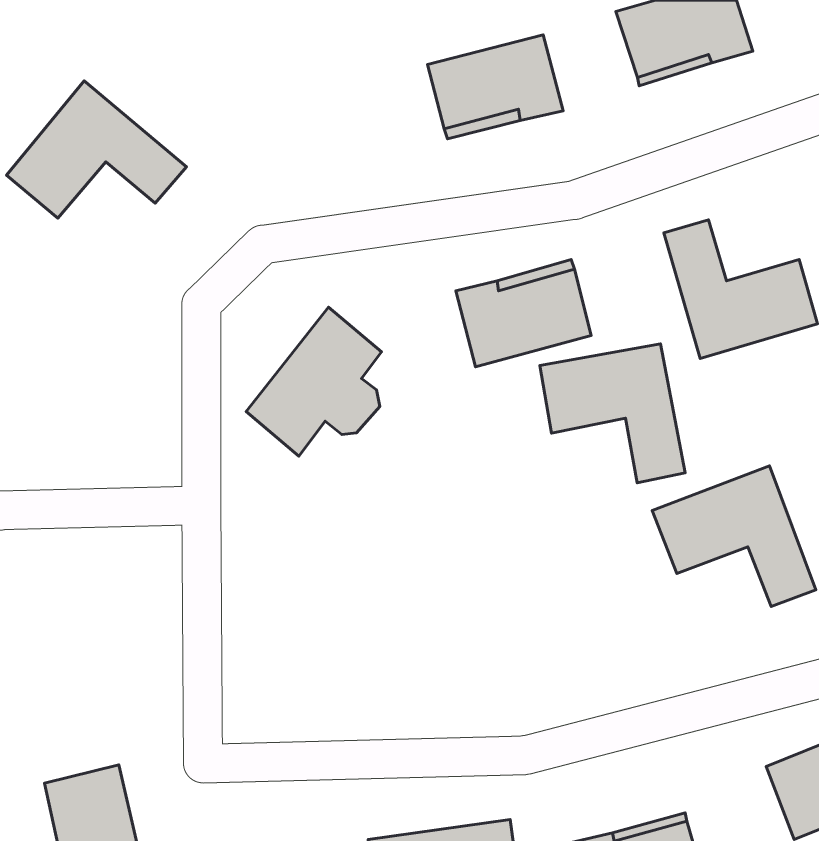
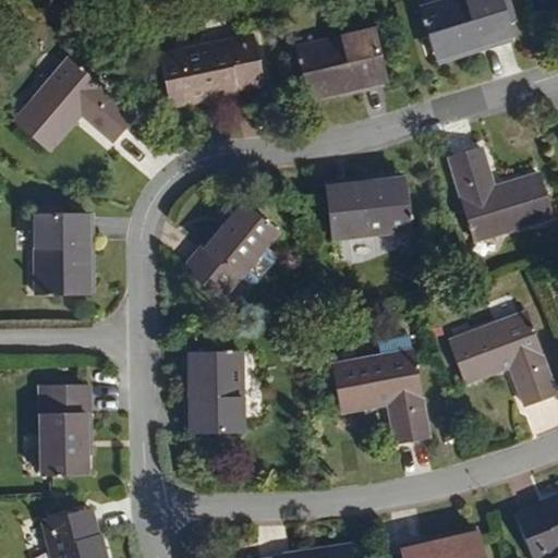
building: none -> [166,31,269,101]
building: none -> [37,213,92,293]
building: [540,344,685,483] -> [331,350,427,441]
building: none -> [182,355,234,436]
building: none -> [41,390,86,475]

